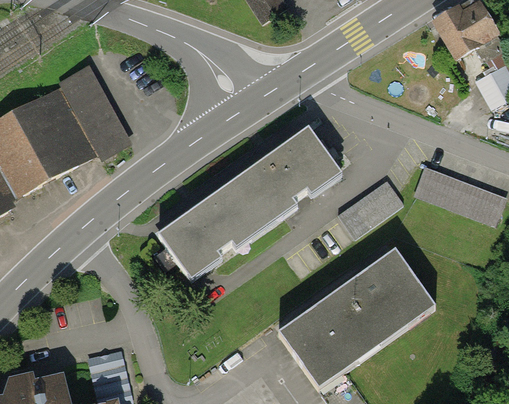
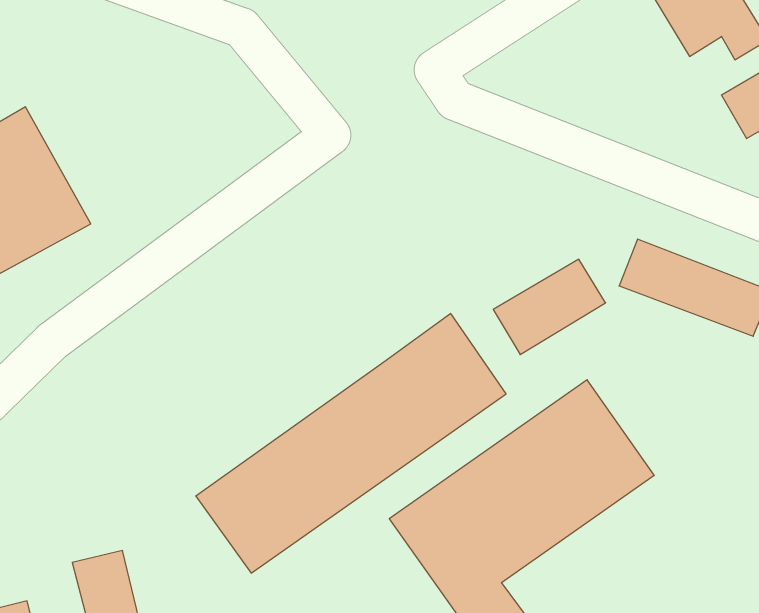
building: [57,65,130,159] -> none
building: [157,128,342,283] -> [196,313,506,573]

